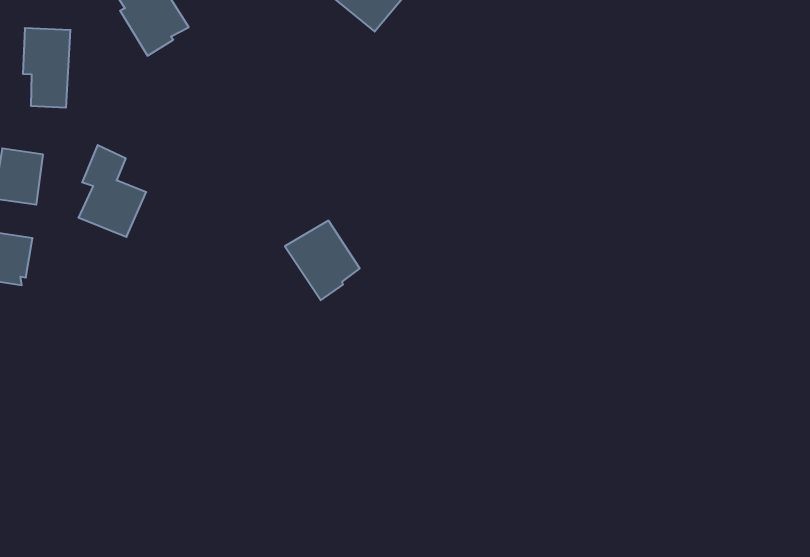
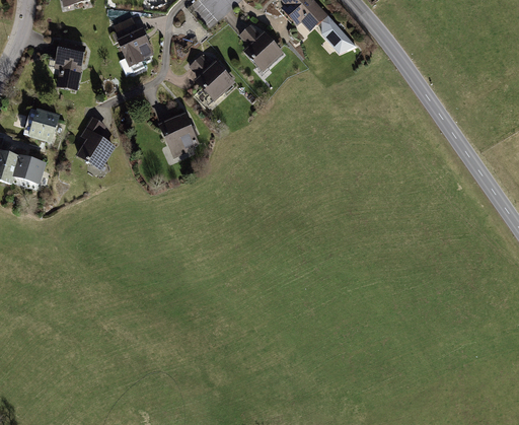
building: none -> [188,53,235,100]
building: [285,221,360,300] -> [157,112,199,157]

